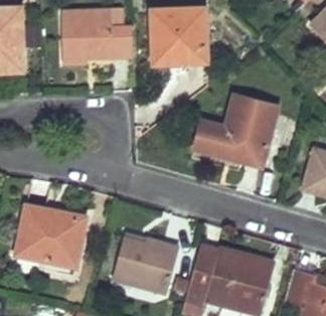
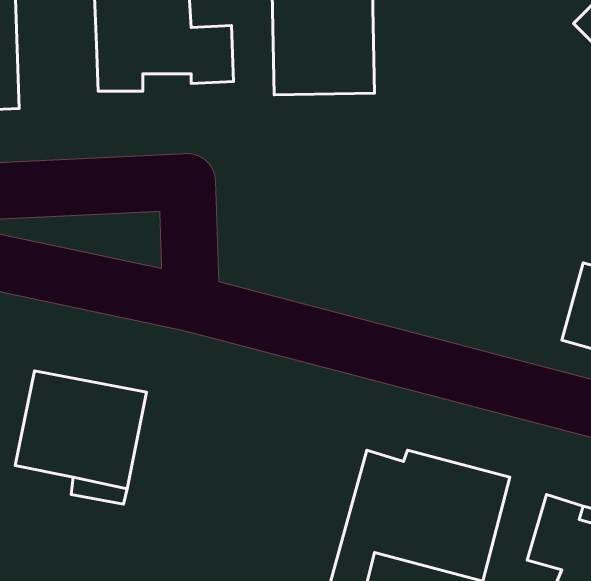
building: [193,92,276,163] -> none
building: [115,238,180,294] -> none

